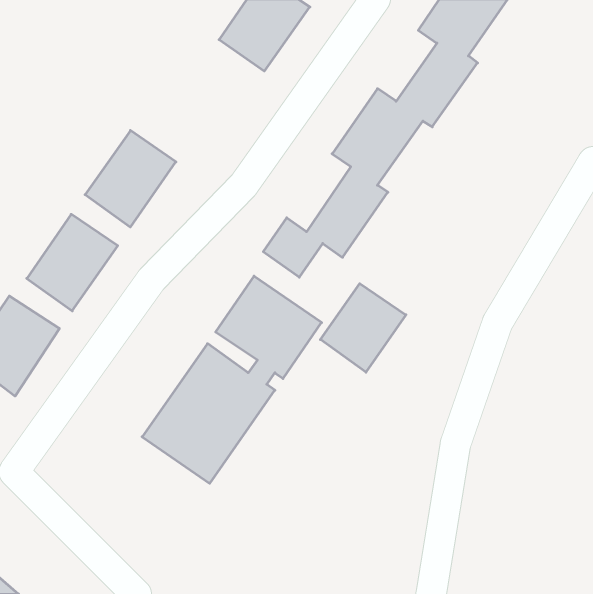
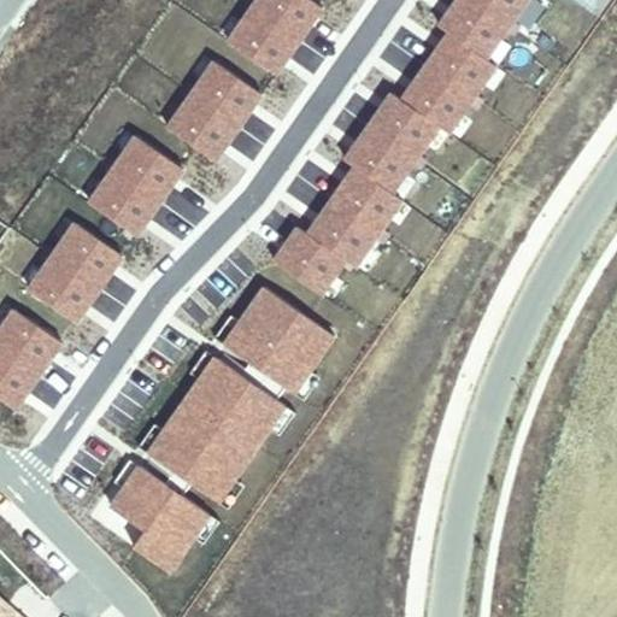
building: none -> [166,60,260,160]
building: [320,284,406,372] -> none
building: none -> [110,465,208,571]

